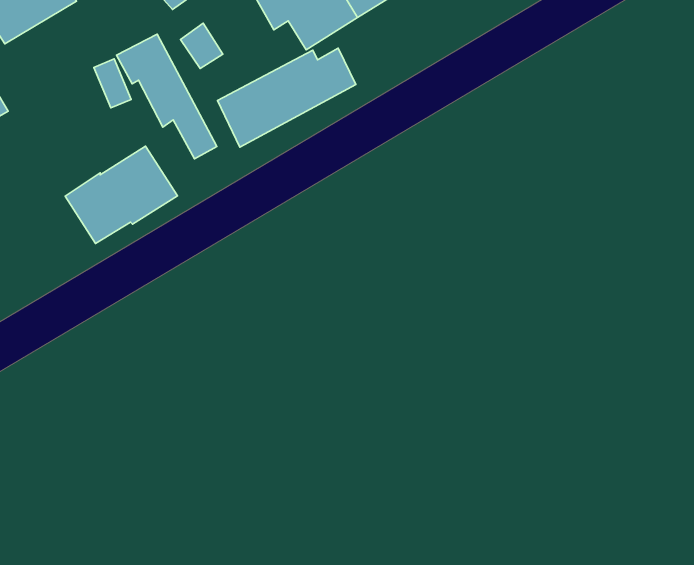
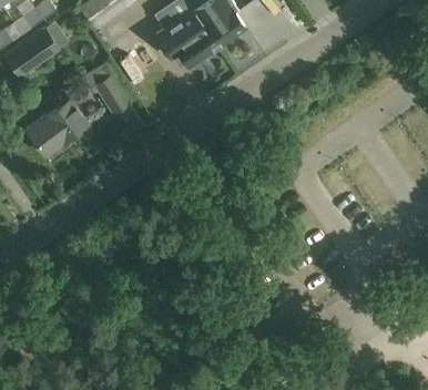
building: [218,48,356,147] -> none
building: [65,146,178,244] -> [27,100,90,156]

